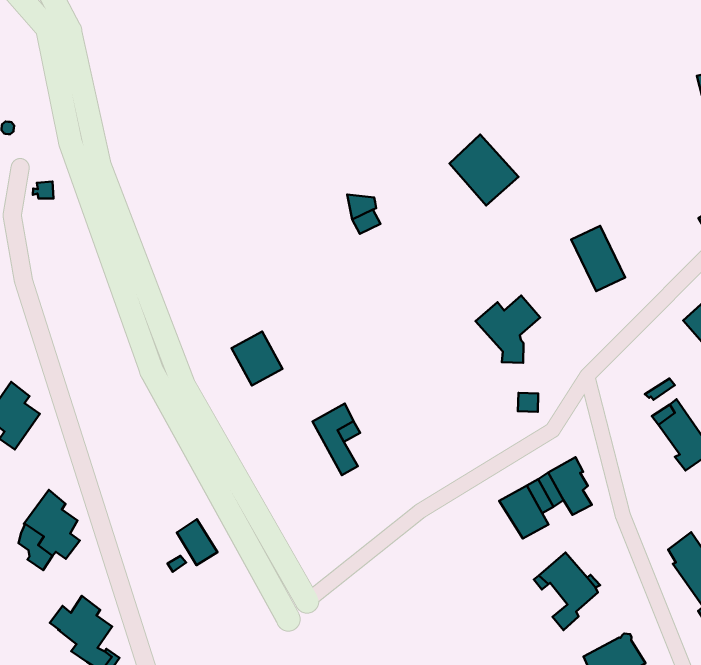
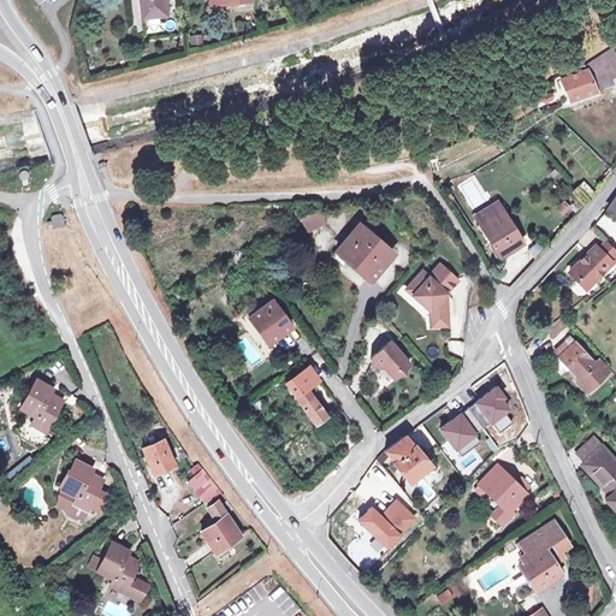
building: [450,135,518,206] -> [337,225,392,280]
building: [231,331,283,385] -> [249,301,291,344]
building: none -> [373,343,410,379]
building: none -> [147,439,177,474]
building: none -> [378,436,426,478]
building: none -> [201,500,242,555]
building: none -> [359,500,414,546]

